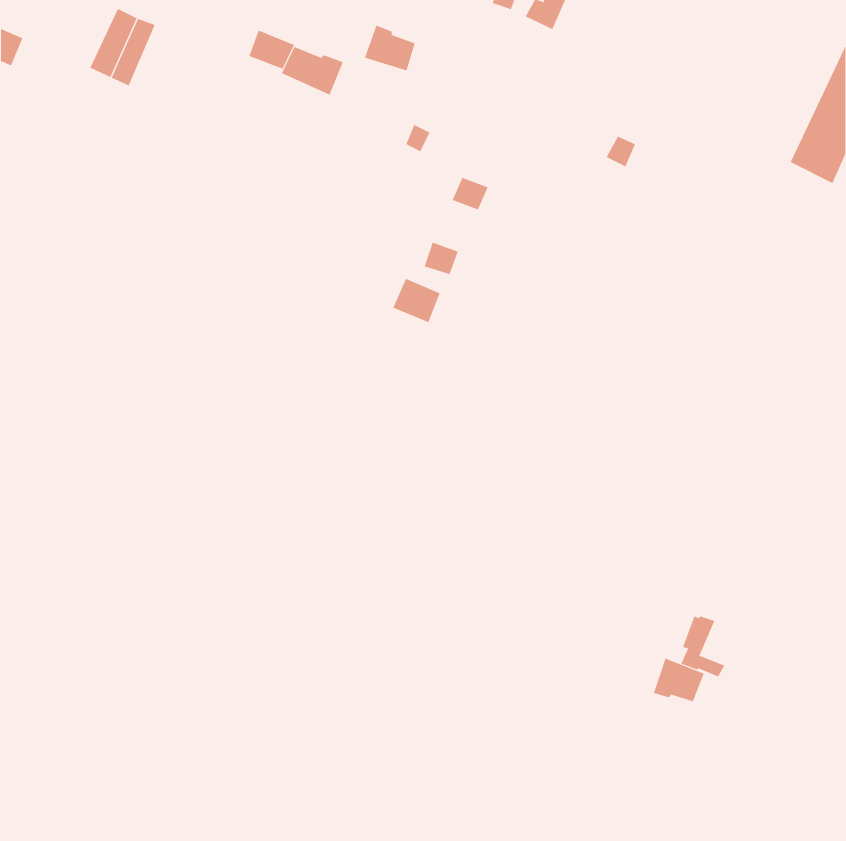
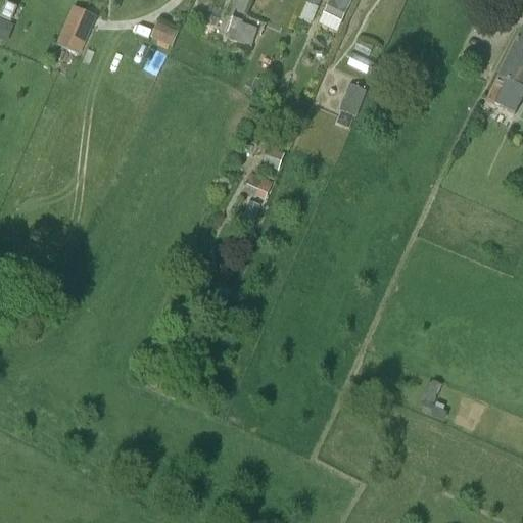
building: [281,46,343,95] -> none
building: none -> [336,83,366,128]
building: [653,658,704,702] -> none

